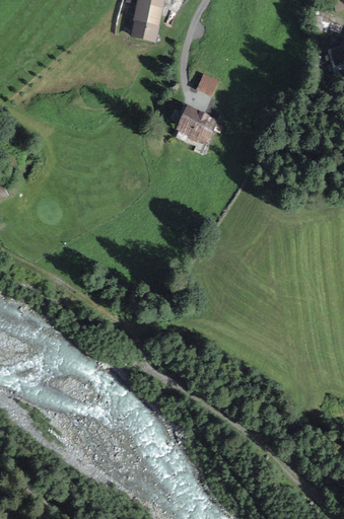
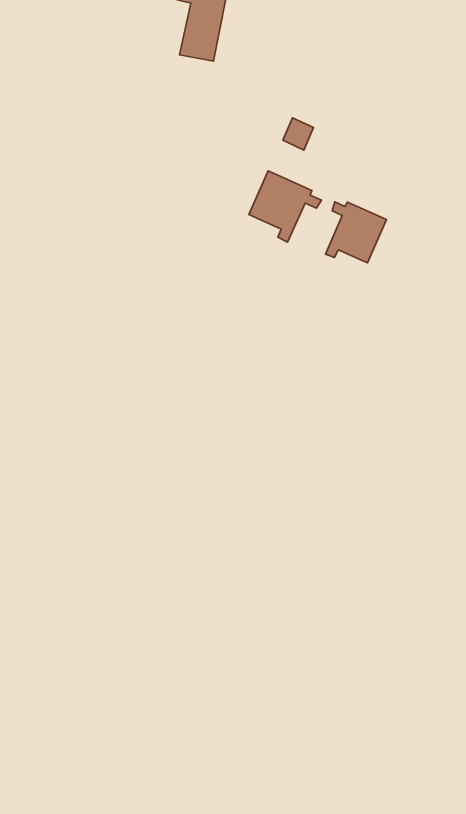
building: none -> [325,202,387,263]

